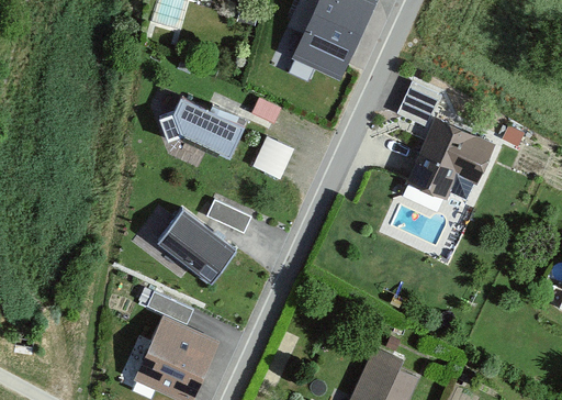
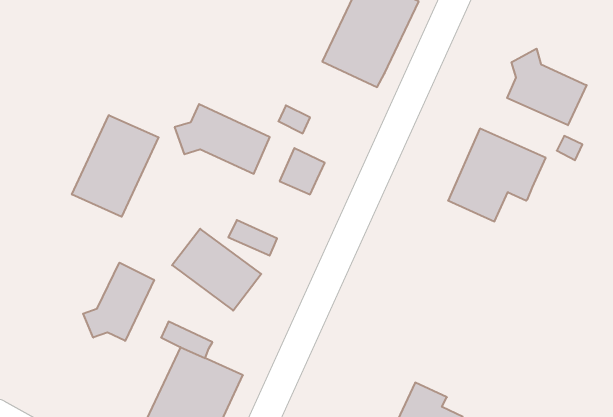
building: none -> [507,49,587,125]
building: [396,80,441,126] -> none
building: none -> [72,115,159,217]
building: none -> [83,263,154,341]

